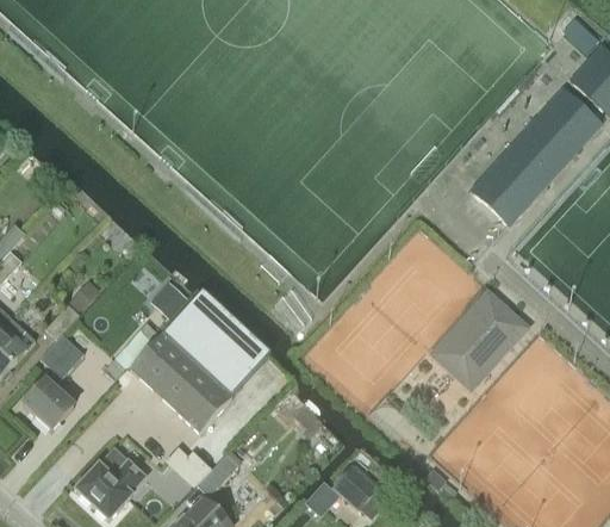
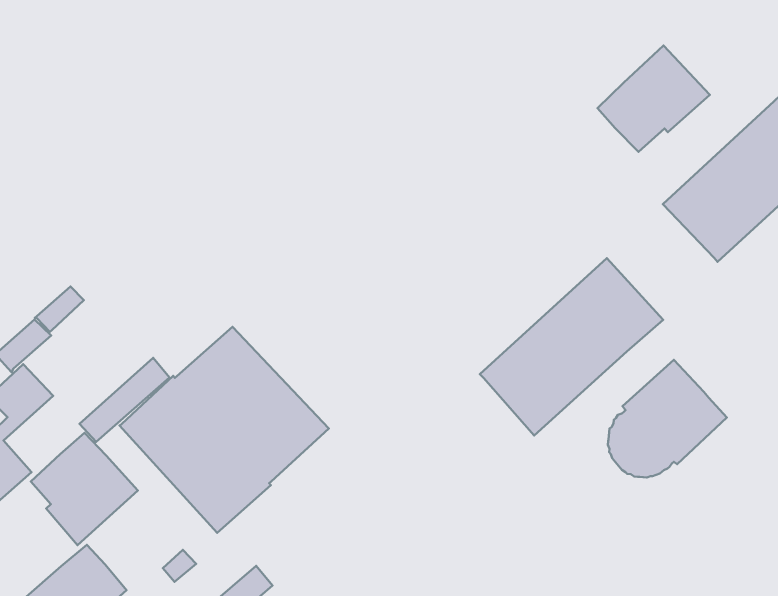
building: none -> [597,46,710,152]
building: none -> [480,258,663,436]
building: none -> [31,433,138,545]

